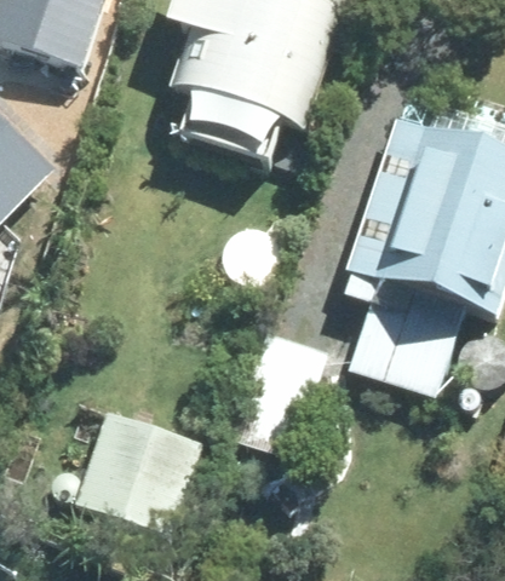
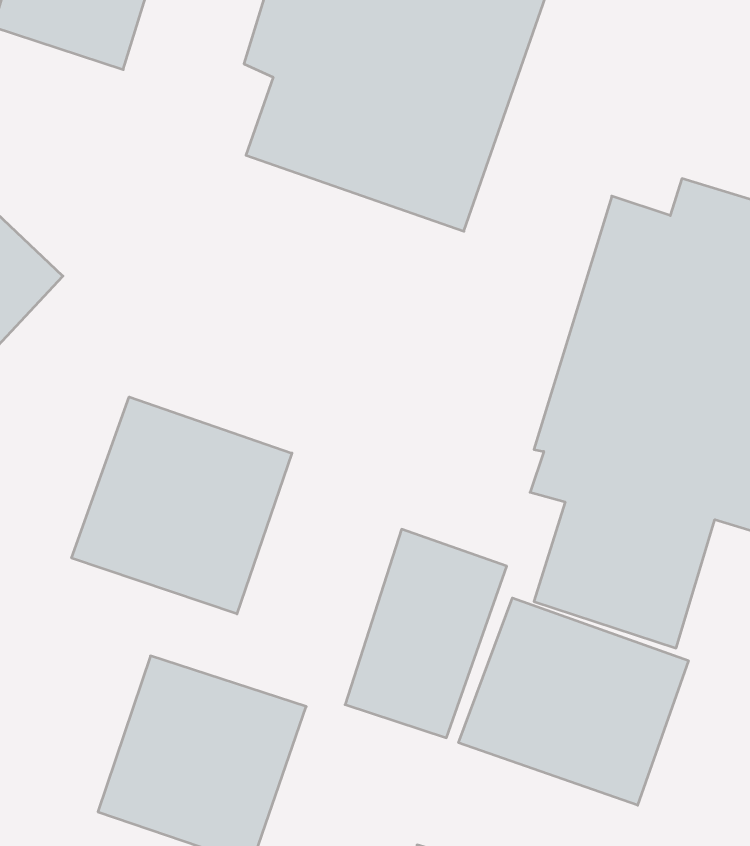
building: none -> [72,397,292,614]
building: none -> [459,598,688,805]

